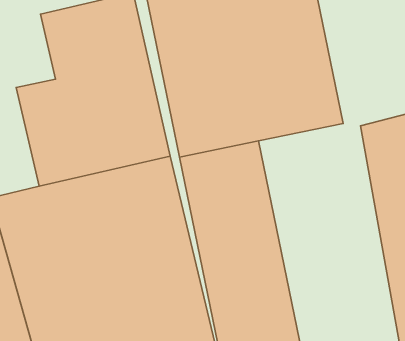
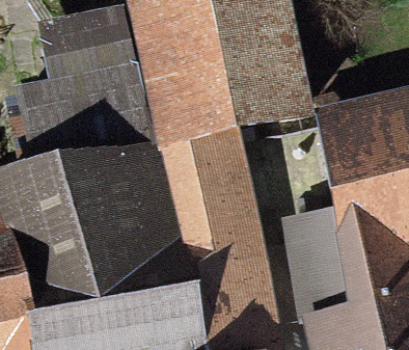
building: none -> [289,225,350,318]

